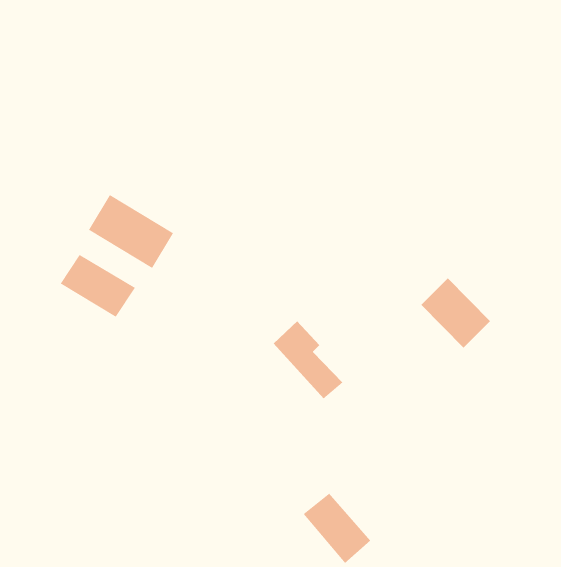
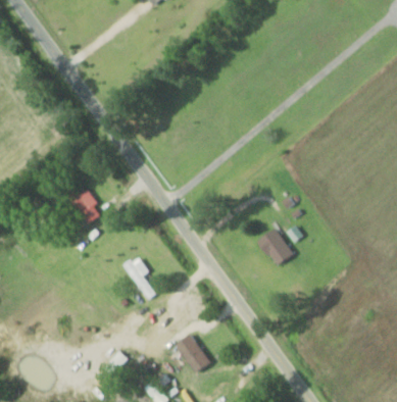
building: [88,194,174,269] -> none
building: [273,321,343,399] -> [122,257,157,302]

